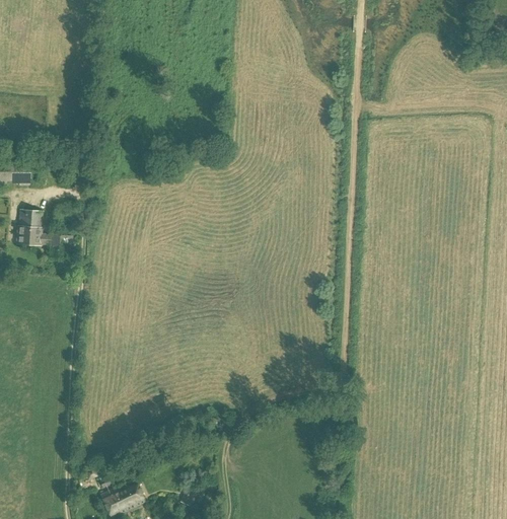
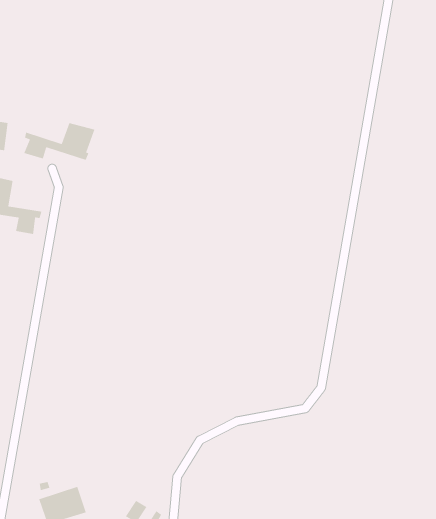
building: none -> [23,122,95,161]

